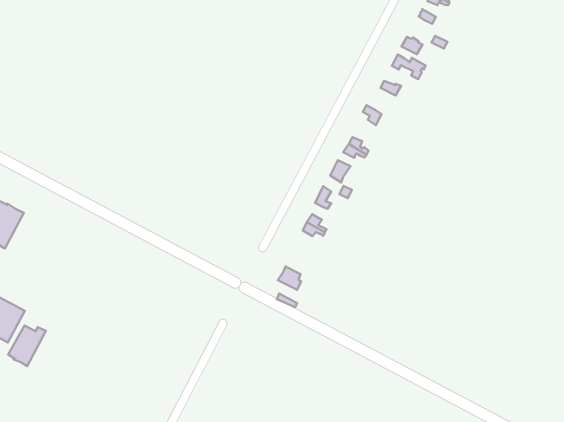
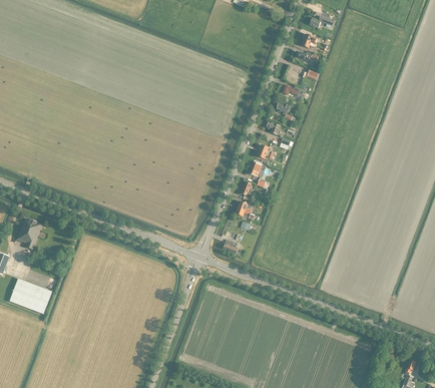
building: [8,325,46,366] -> none

